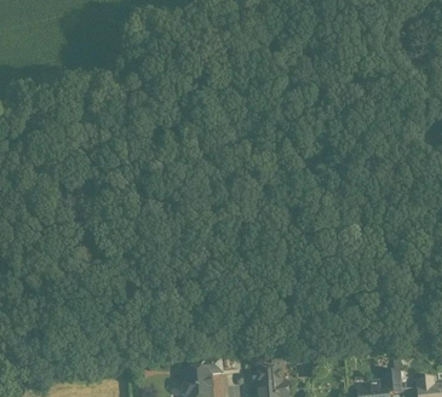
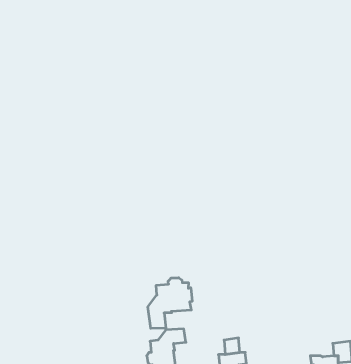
building: none -> [148,278,192,328]

